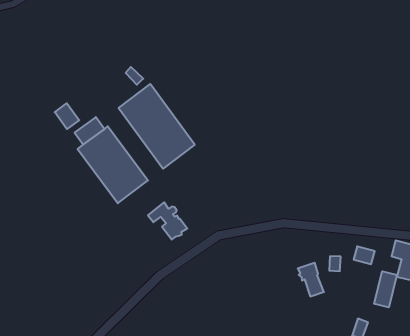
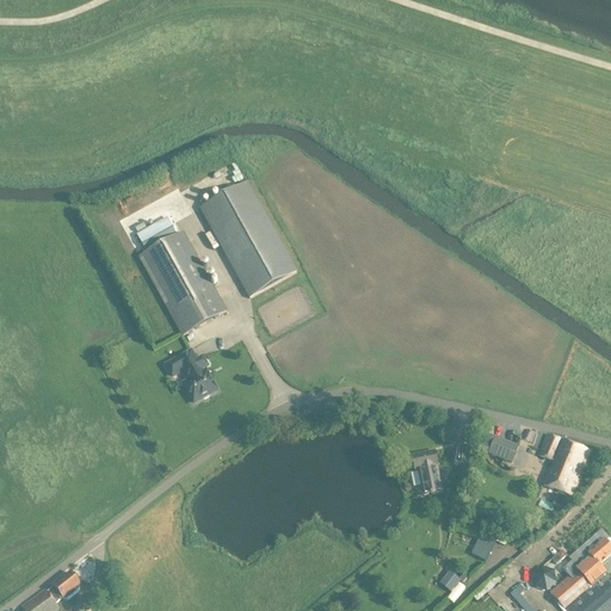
building: [55,103,79,129] -> none
building: [148,202,187,240] -> [166,348,216,400]
building: [374,271,397,307] -> none

